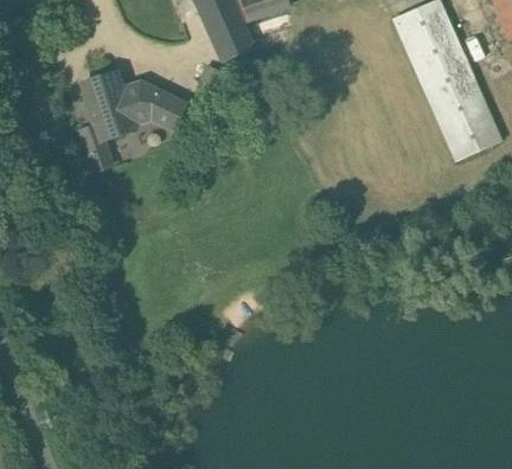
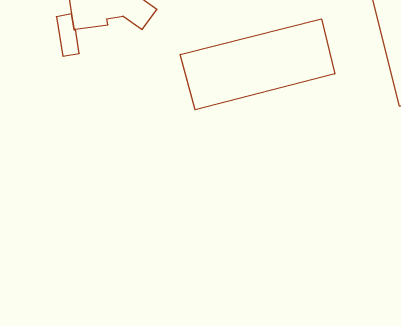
building: none -> [180,19,335,110]

